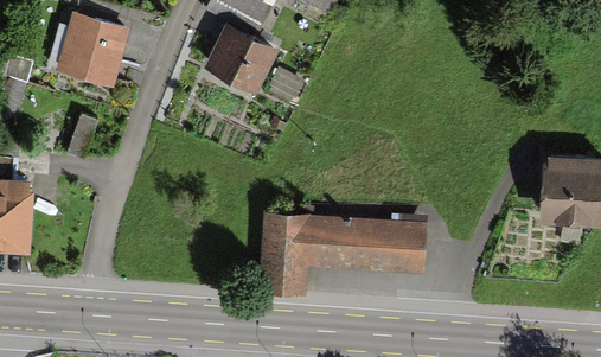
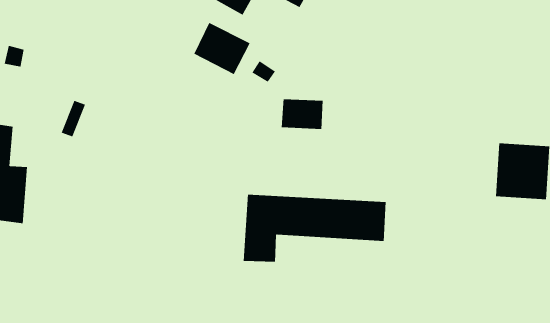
building: [63,15,124,77] -> none
building: none -> [281,98,323,130]

